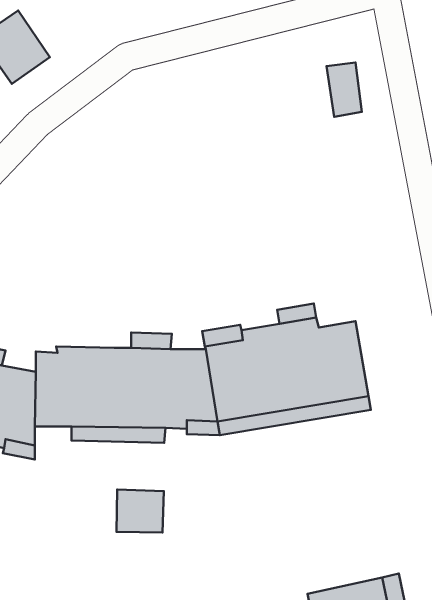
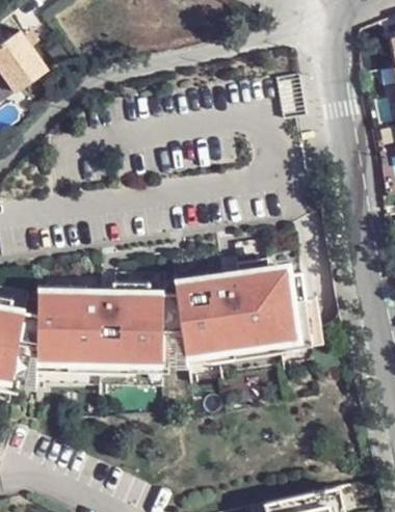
building: [116,489,164,533] -> none

